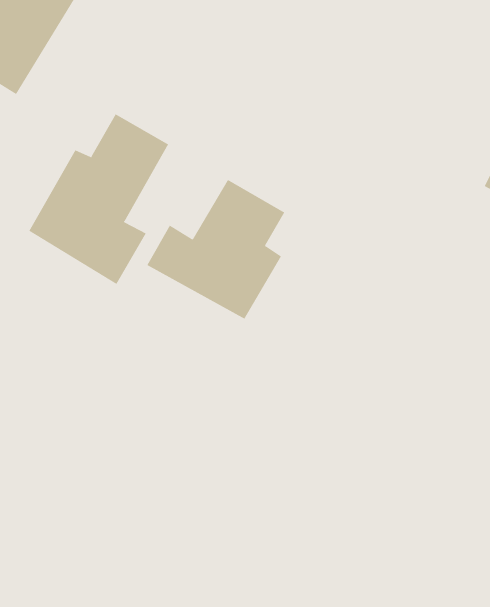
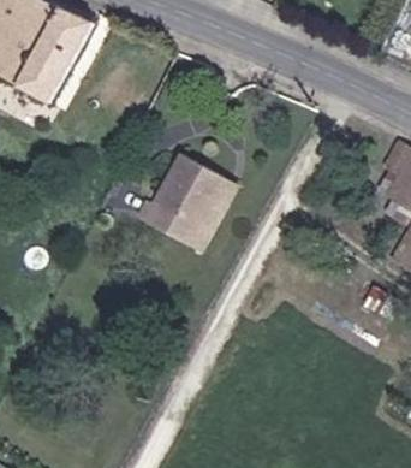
building: [28,114,169,285] -> none

